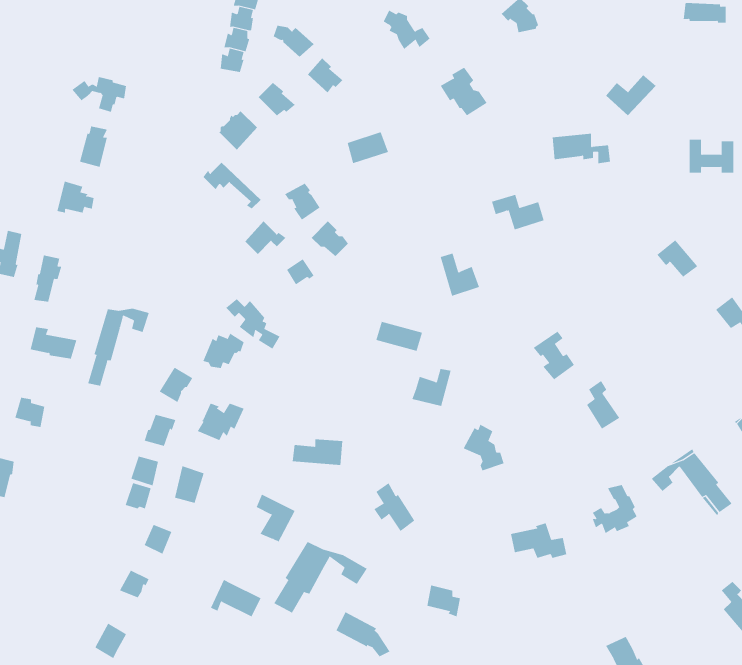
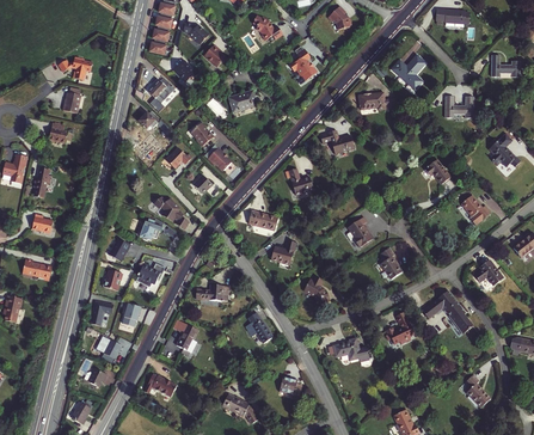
building: [87,308,149,387] -> none
building: [274,541,367,614] -> none

